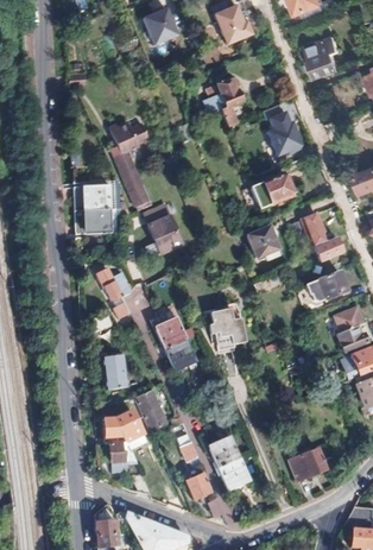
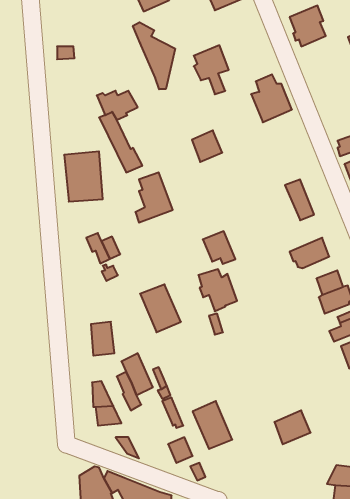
building: none -> [133,22,175,89]
building: [261,173,292,206] -> [192,130,222,162]
building: [244,229,277,263] -> [203,231,235,264]

